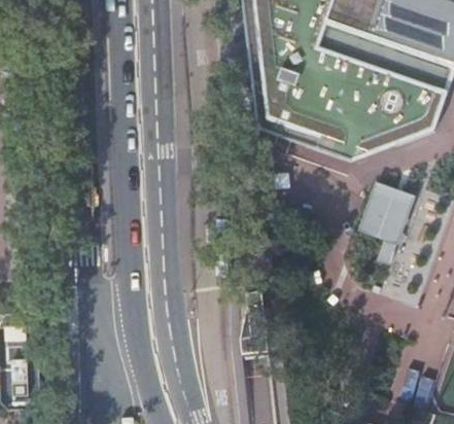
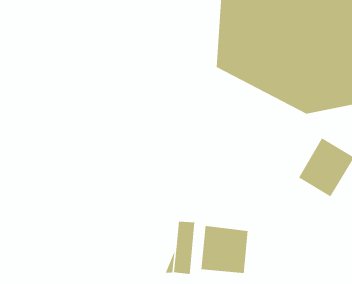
building: none -> [201,225,248,274]

